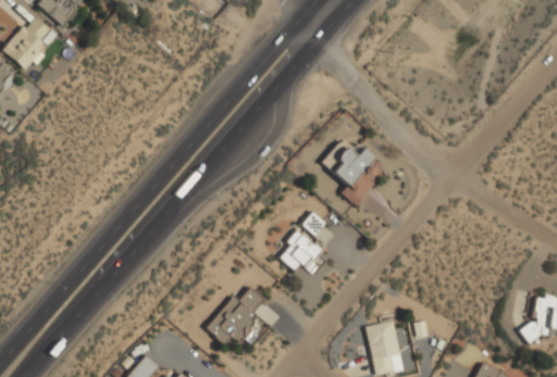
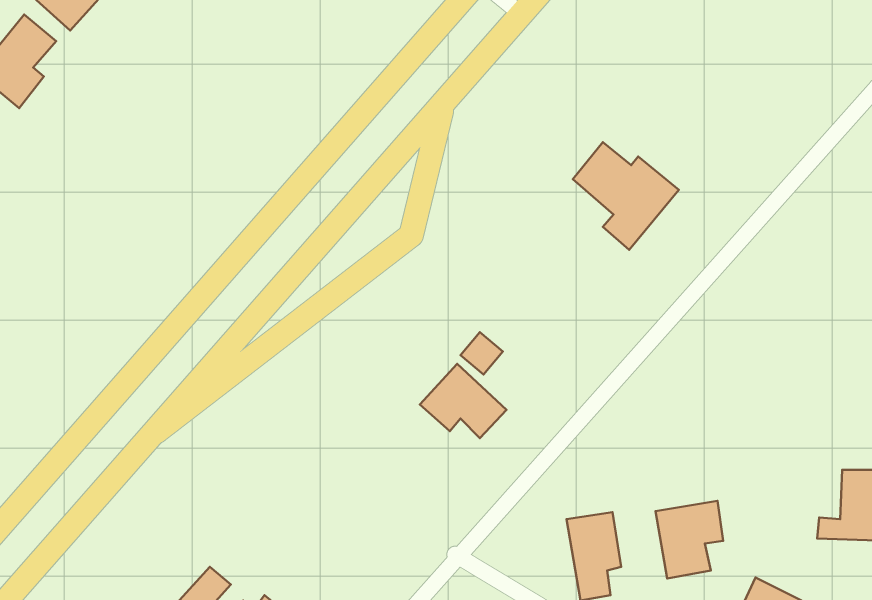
building: [322,140,387,206] -> [573,142,679,250]
building: [206,287,264,344] -> none
building: none -> [656,501,723,578]

